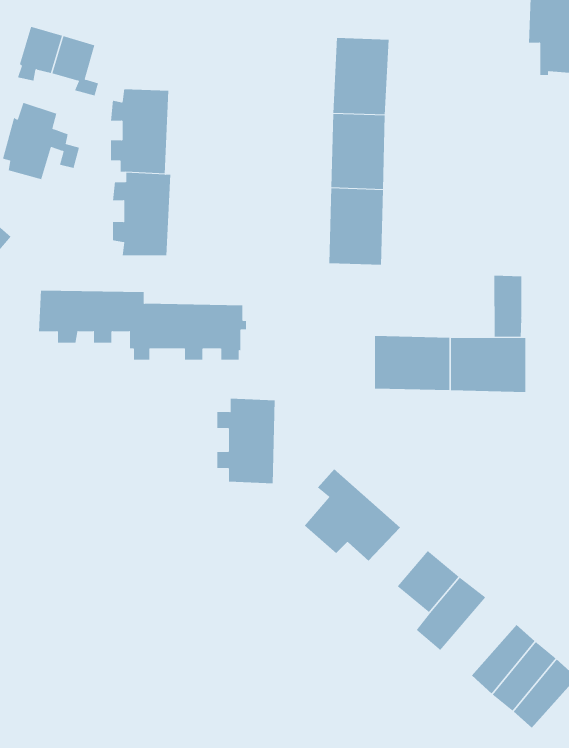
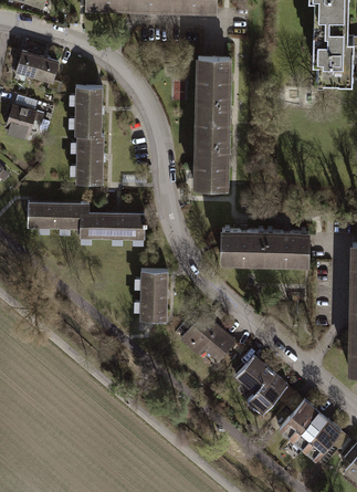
building: [494,275,522,337] -> none

